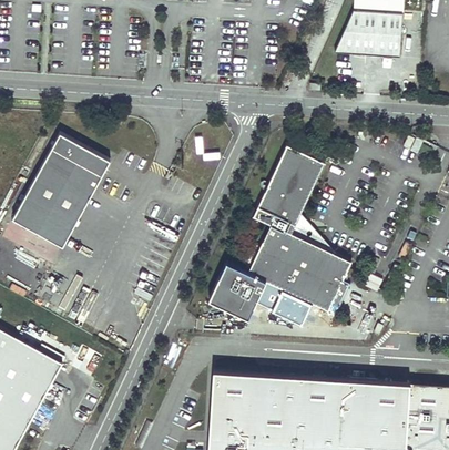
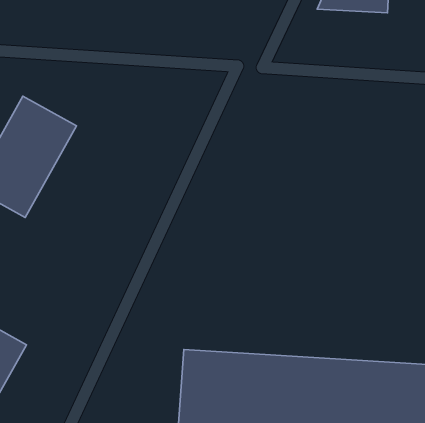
building: [207,146,350,320] -> none

